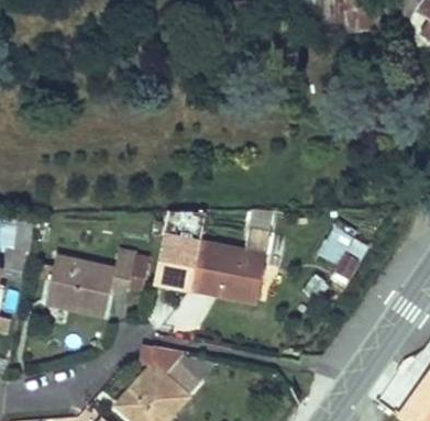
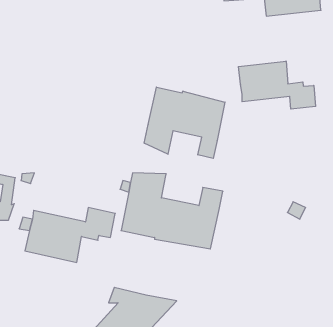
building: none -> [238,61,316,109]
building: none -> [144,87,225,158]

